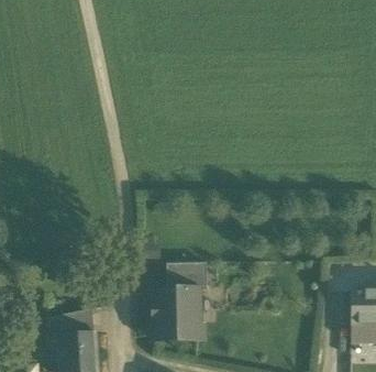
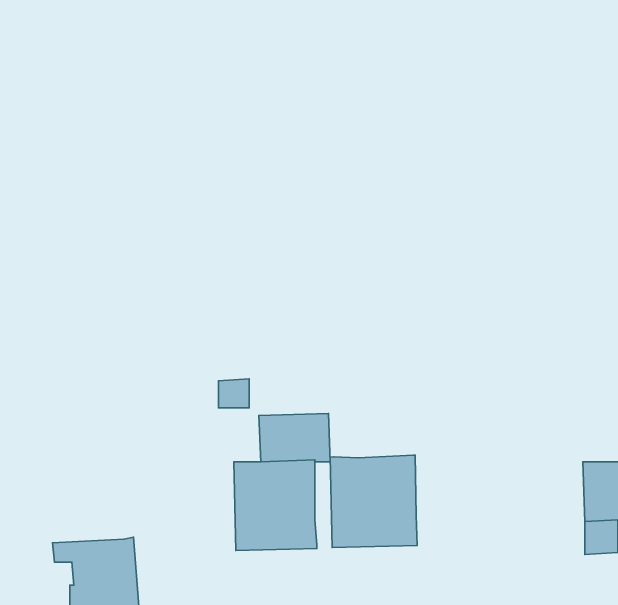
building: none -> [330,455,417,548]
building: [48,309,93,336] -> none

